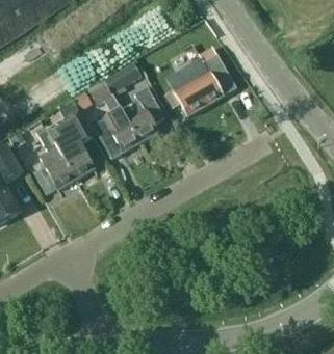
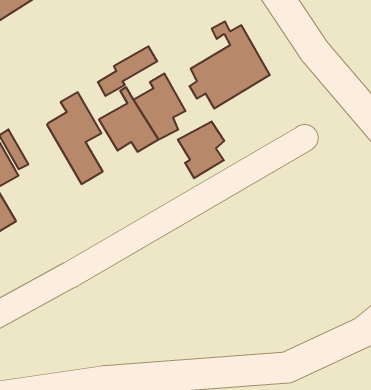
building: [31,122,77,192] -> none
building: none -> [178,121,224,178]

